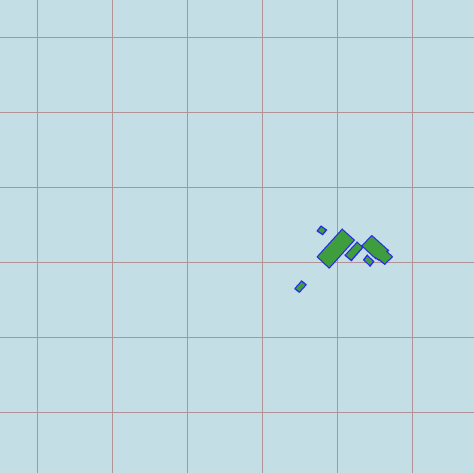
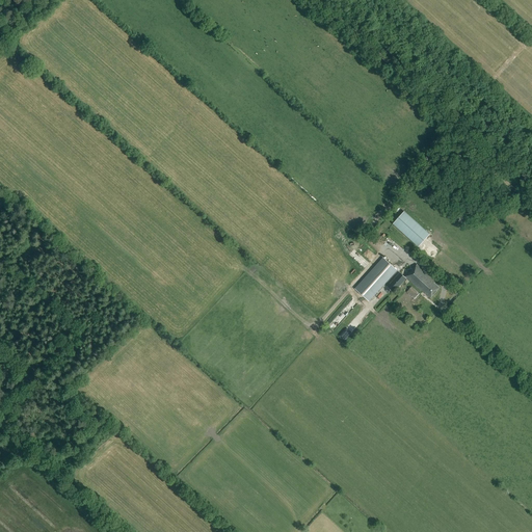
building: none -> [393,211,429,245]

